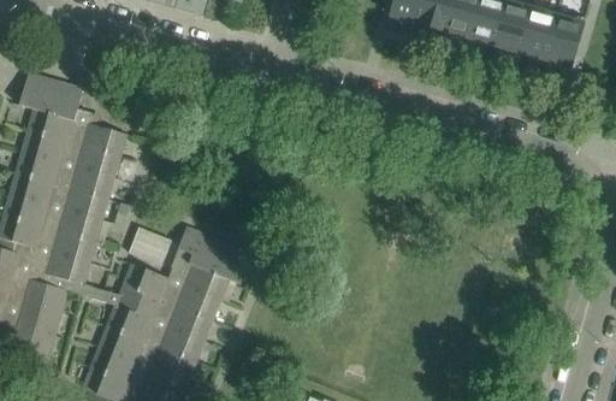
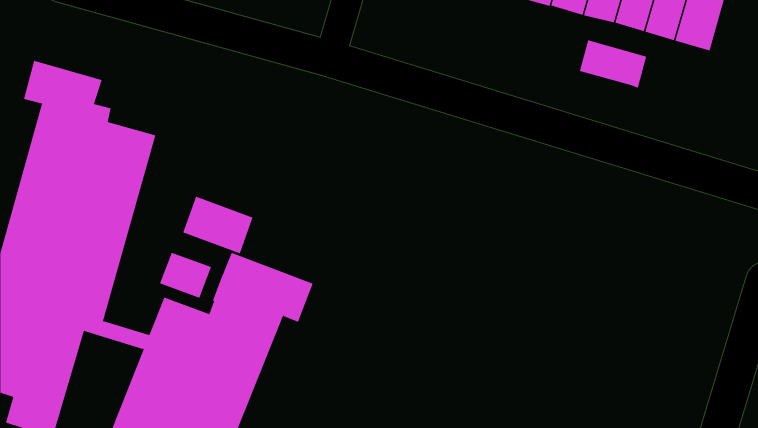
building: none -> [579,39,647,88]
building: none -> [183,196,253,254]

